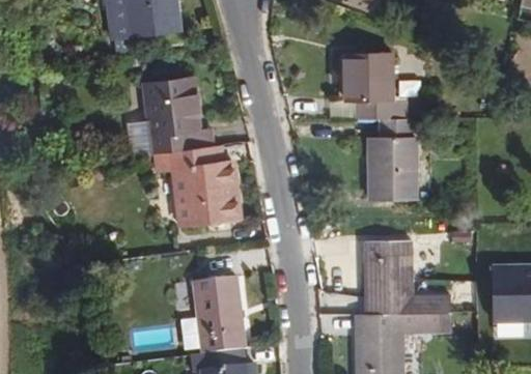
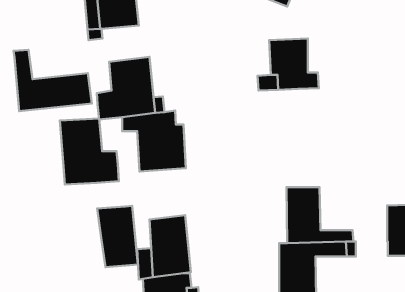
building: none -> [14,50,92,111]
building: [368,116,419,197] -> none
building: none -> [60,118,119,184]
building: none -> [97,206,138,267]

